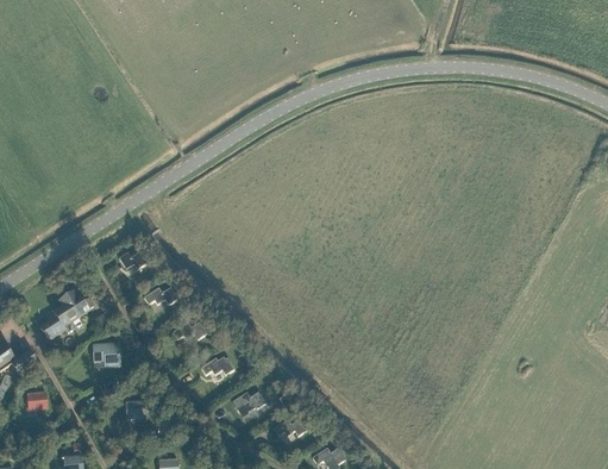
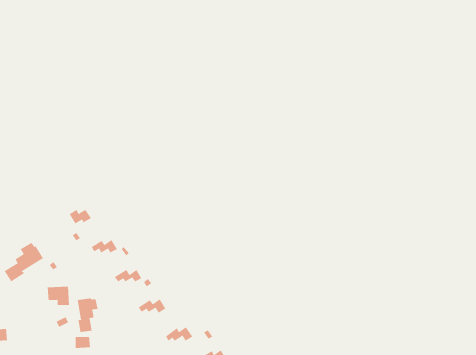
building: none -> [77,298,98,333]

